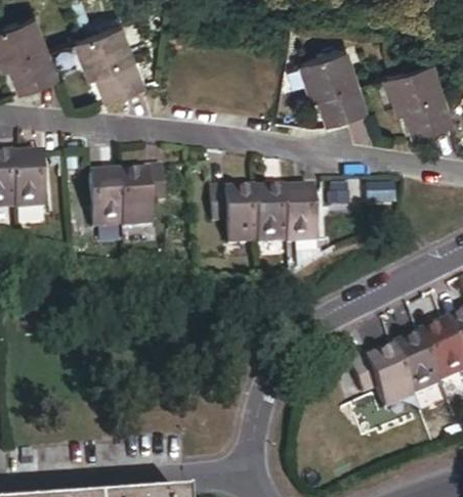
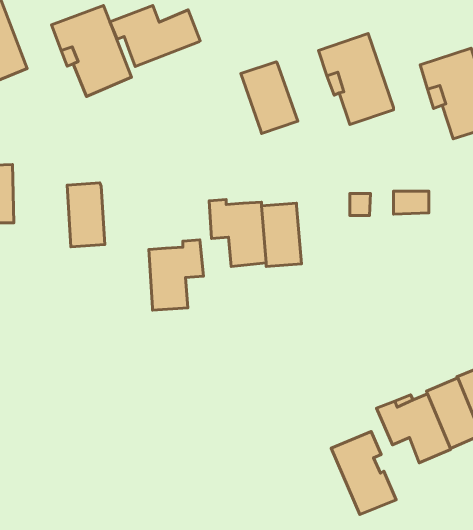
building: none -> [110,6,200,67]
building: none -> [241,62,298,134]
building: [118,167,164,226] -> [149,240,204,310]
building: [283,189,315,242] -> none
building: none -> [331,431,396,515]

